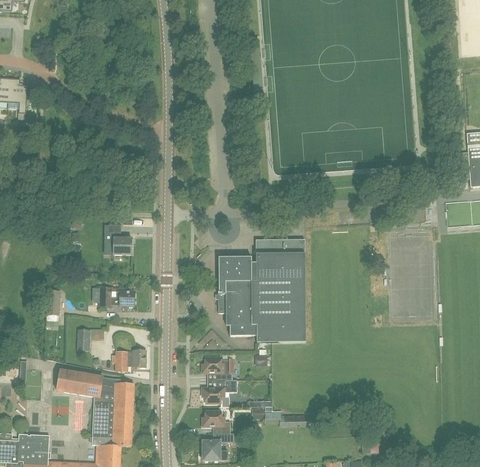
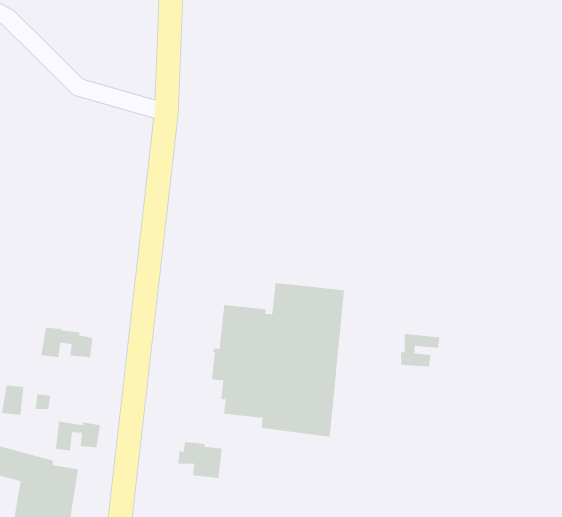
building: [107,225,130,254] -> none
building: none -> [400,333,440,367]
building: [201,379,231,402] -> none

